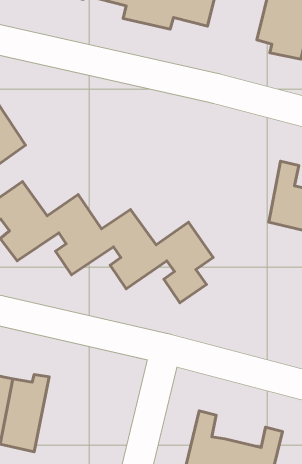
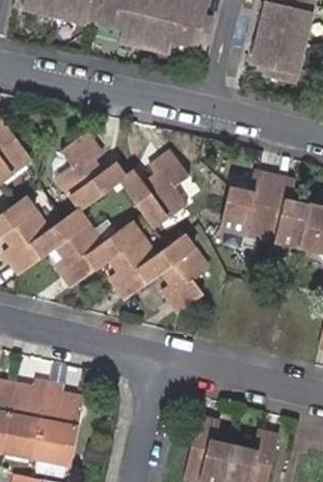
building: none -> [58,131,192,224]
building: none -> [221,173,274,235]
building: none -> [35,385,80,463]

